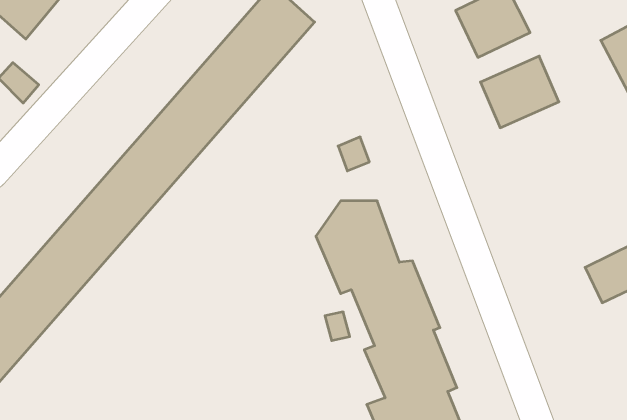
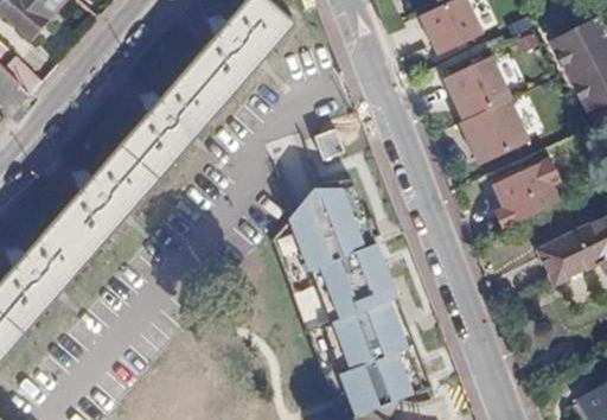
building: none -> [459,97,531,165]
building: none -> [492,158,568,230]

